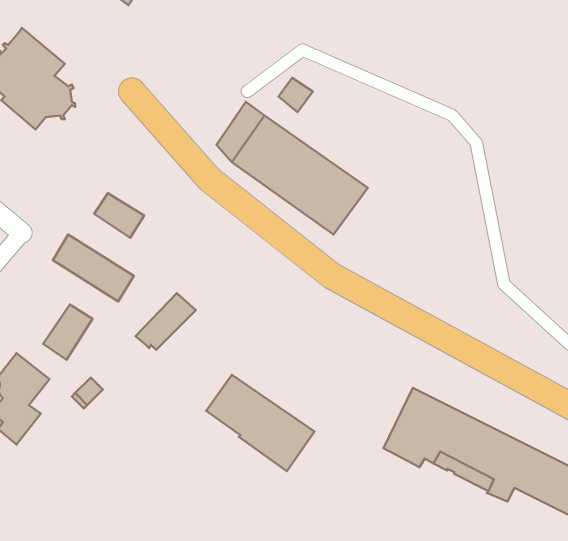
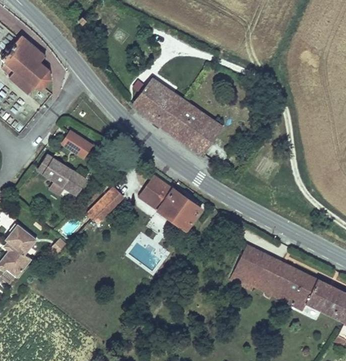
building: [43,304,92,360] -> none
building: [206,375,315,471] -> [138,175,201,231]

